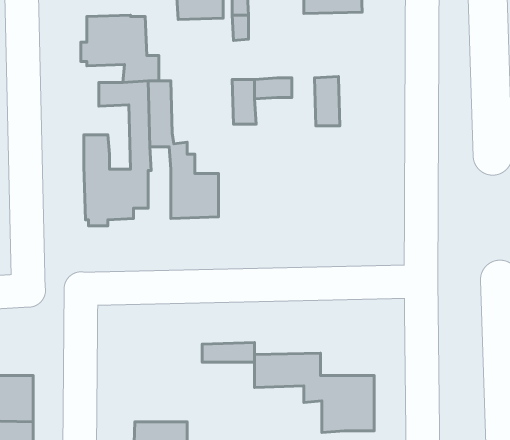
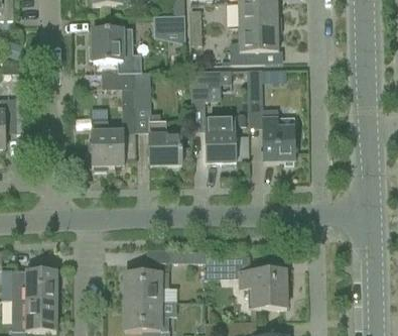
building: none -> [230,25,278,64]
building: none -> [205,116,236,167]
building: none -> [262,117,295,161]
building: none -> [125,271,168,302]

